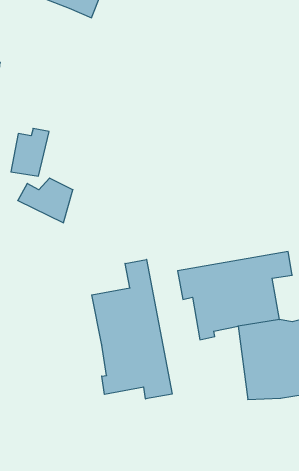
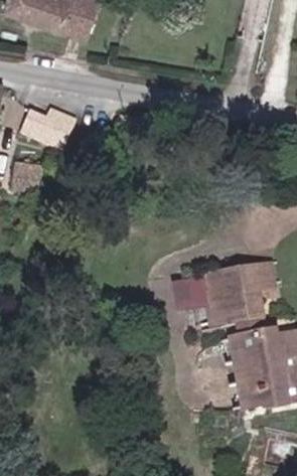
building: [18,178,73,223] -> [26,110,79,152]
building: [92,259,172,399] -> none

